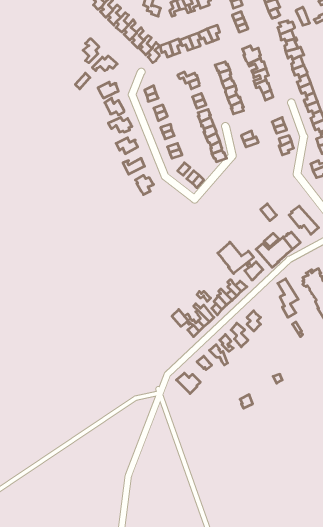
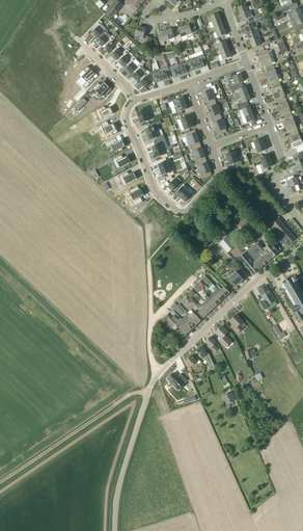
building: [218,242,254,274] -> none

